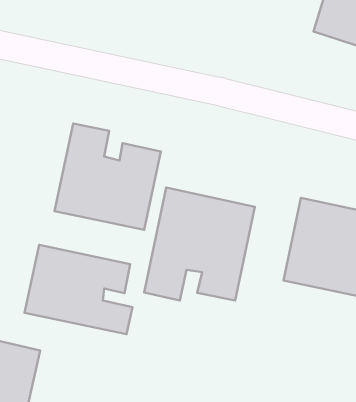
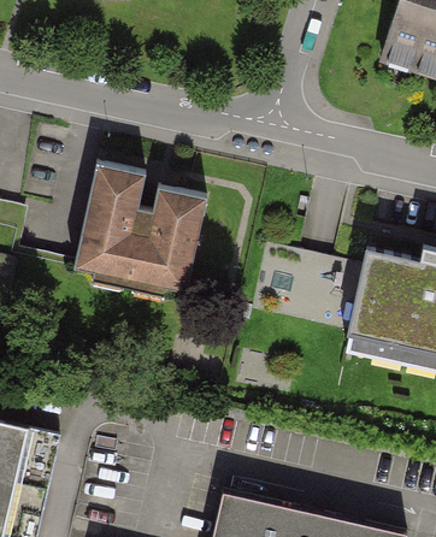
building: [144,188,255,301] -> none
building: [24,245,133,334] -> none

